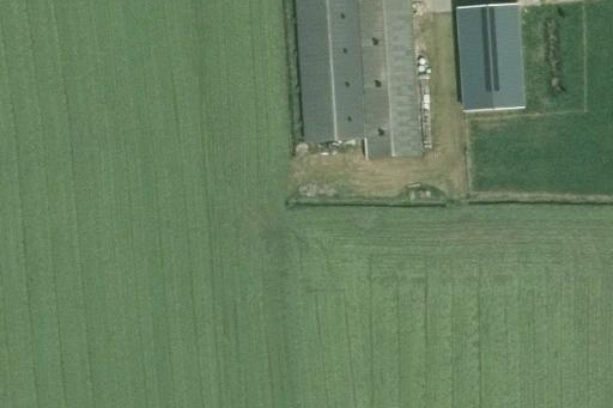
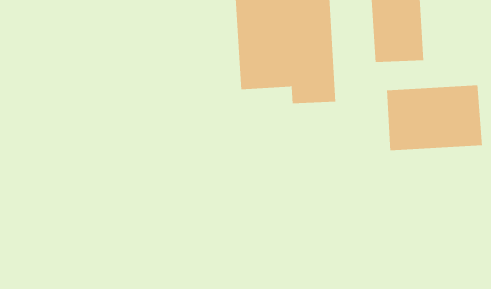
building: none -> [386,85,482,151]

